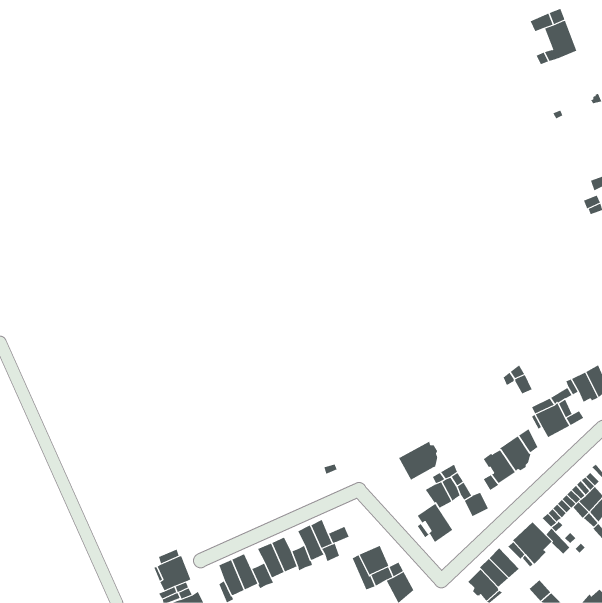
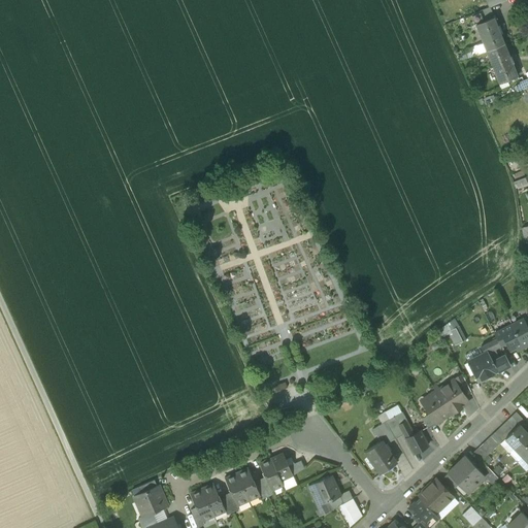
building: none -> [488,44,519,84]
building: [398,441,438,481] -> none

